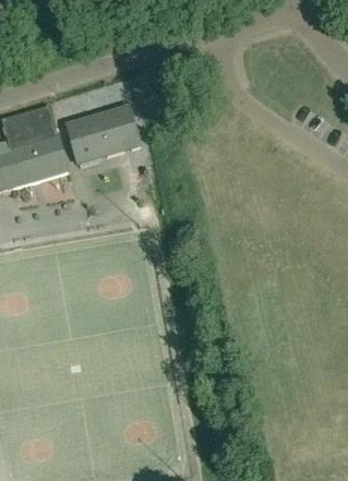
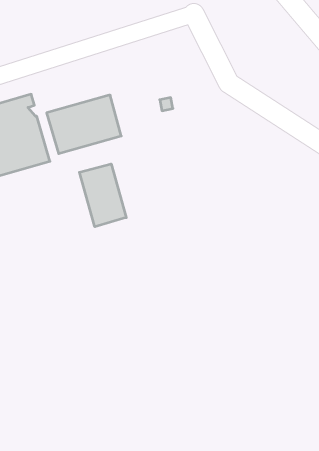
building: none -> [79,164,126,227]

